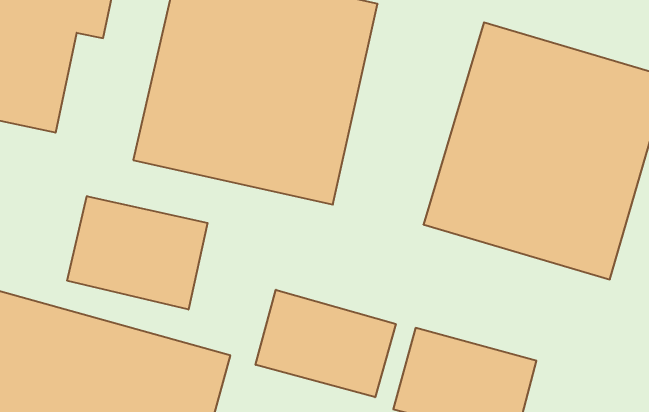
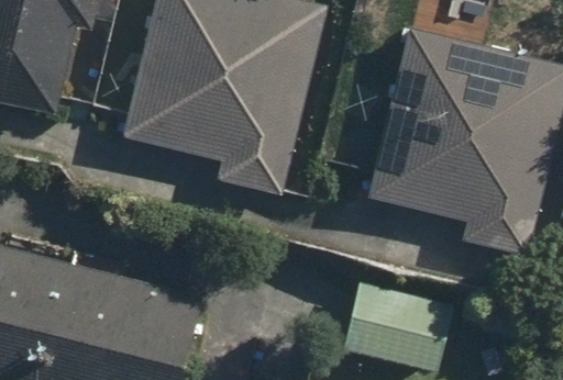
building: [67,196,208,310] -> none
building: [256,290,396,397] -> none

